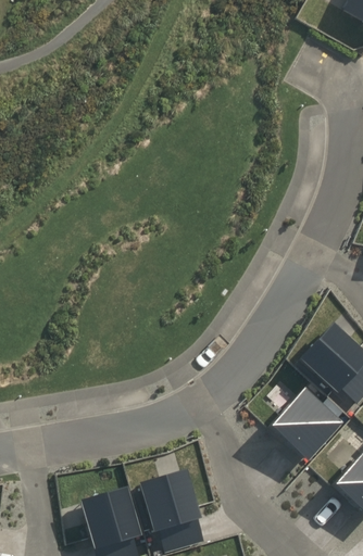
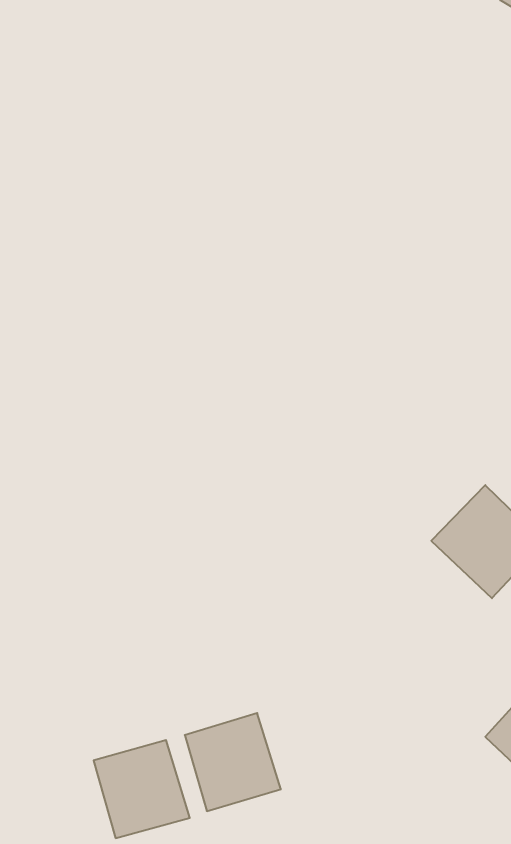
building: [271,386,343,458] -> none

